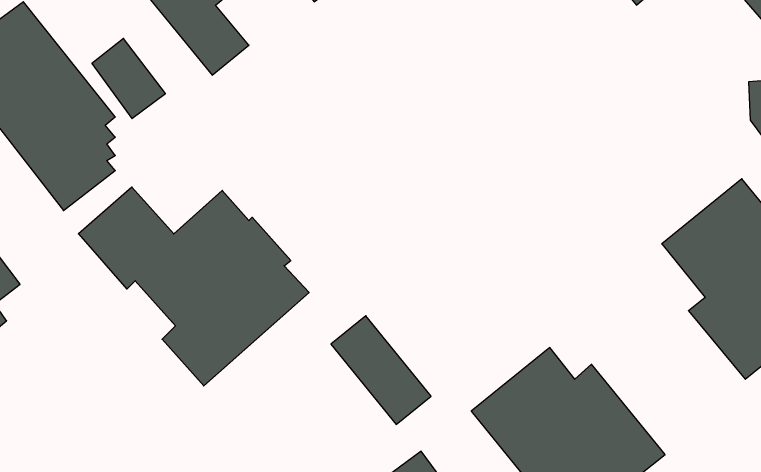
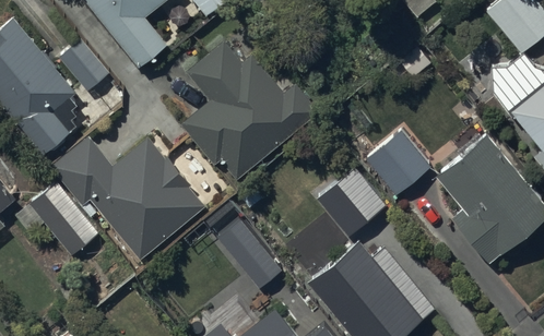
building: none -> [180,41,318,179]
building: none -> [366,134,429,197]
building: none -> [319,169,387,236]
building: none -> [15,182,99,255]

